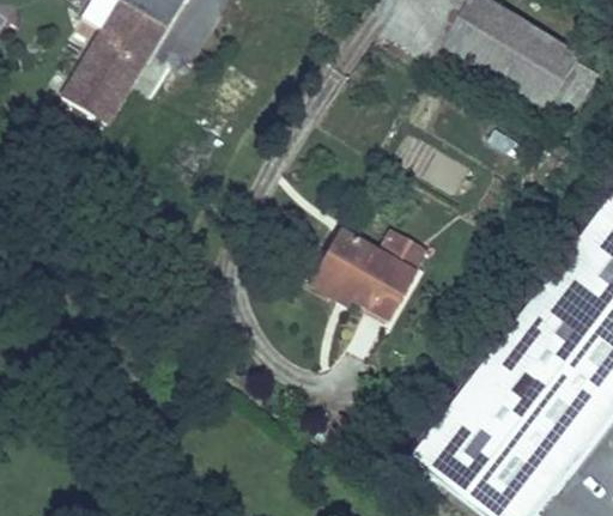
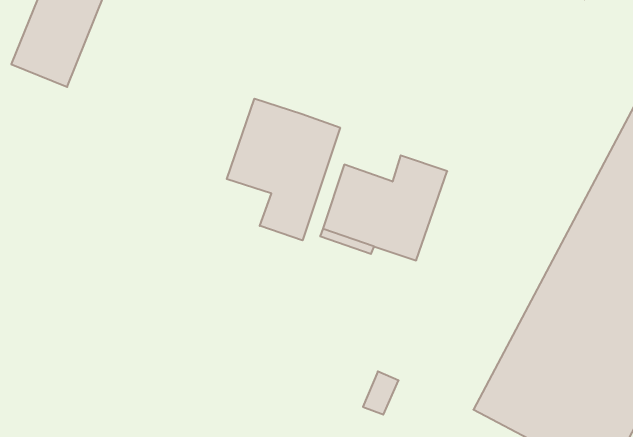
building: none -> [227,99,340,240]

